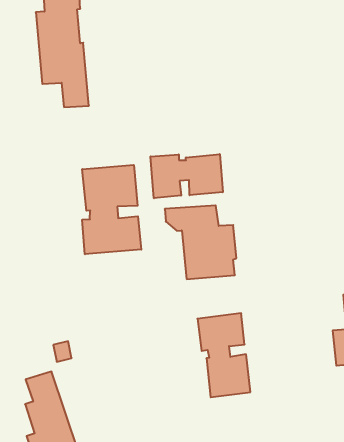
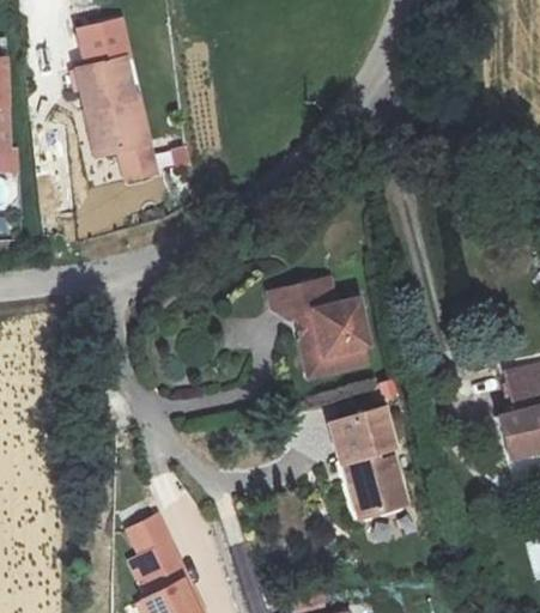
building: [151,154,223,198] -> none
building: [82,165,141,254] -> none

